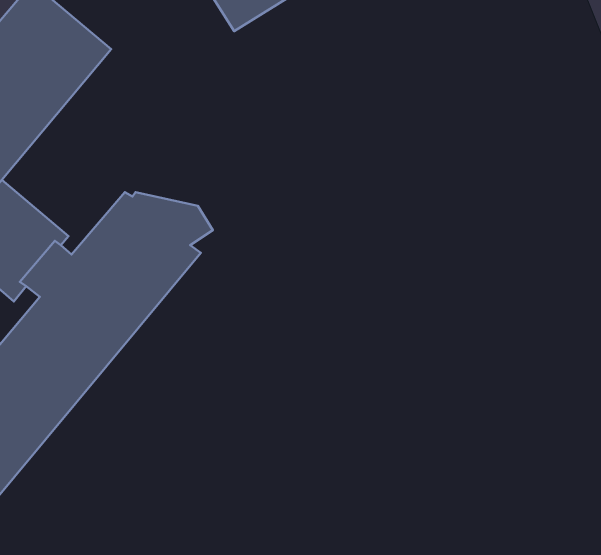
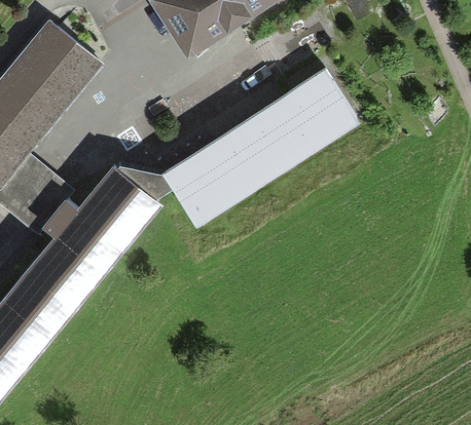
building: none -> [161,68,359,225]

